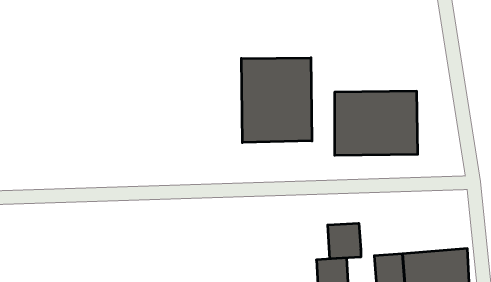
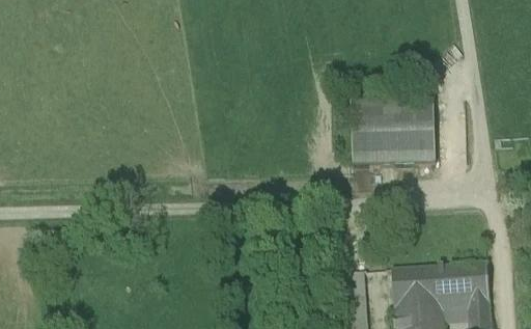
building: [241,58,312,143] -> none
building: [328,223,361,259] -> none

